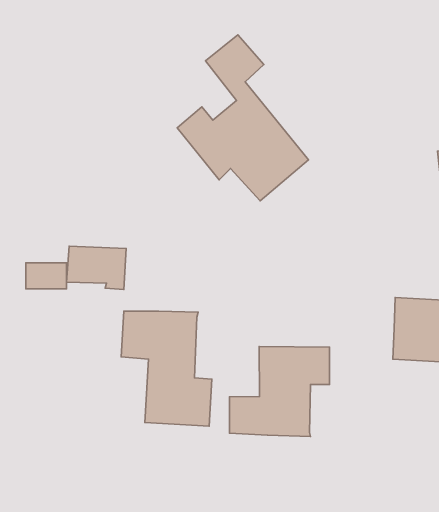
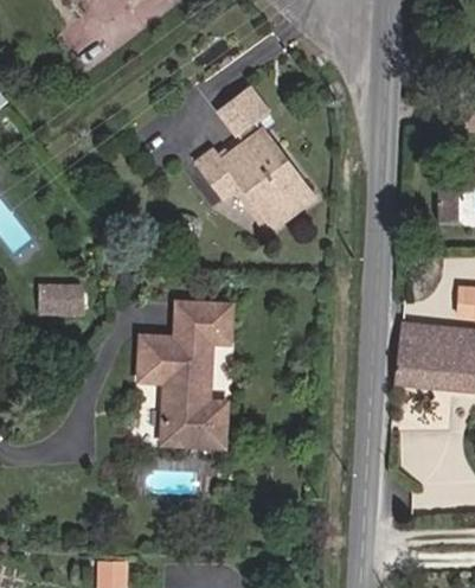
building: [67,246,126,290] -> [173,302,230,344]
building: [229,346,330,436] -> none

